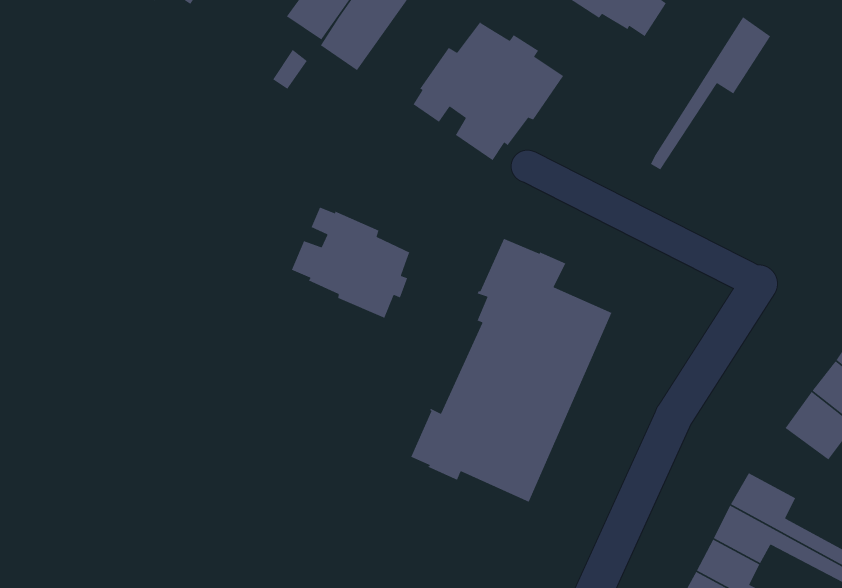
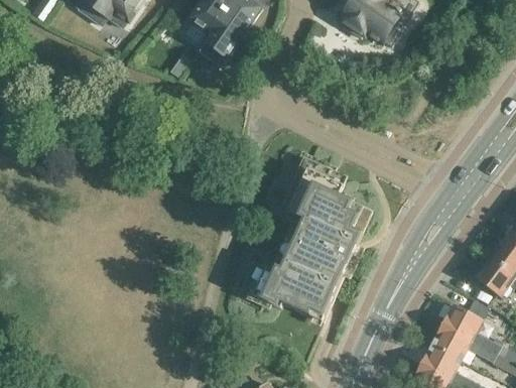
building: [650,16,771,171] -> none
building: [413,21,564,161] -> none
building: [291,207,411,319] -> none

